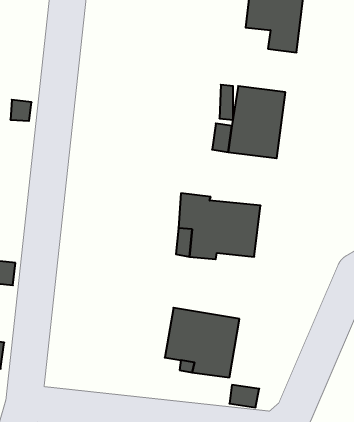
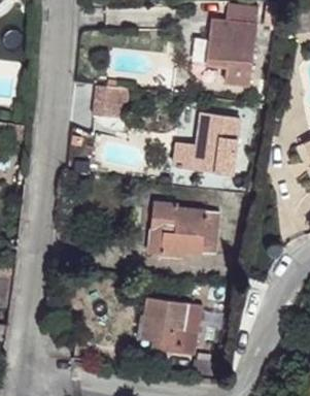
building: none -> [93,86,127,119]

